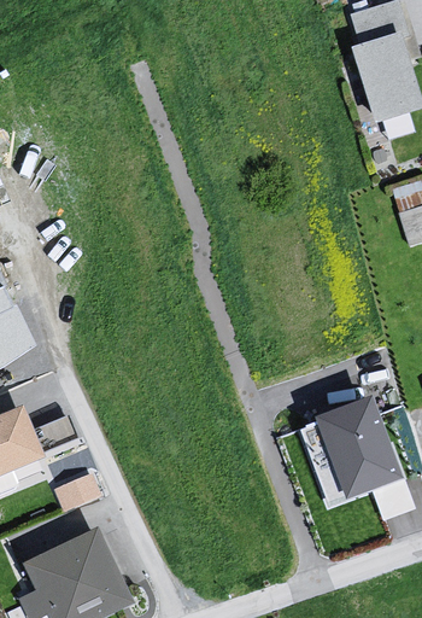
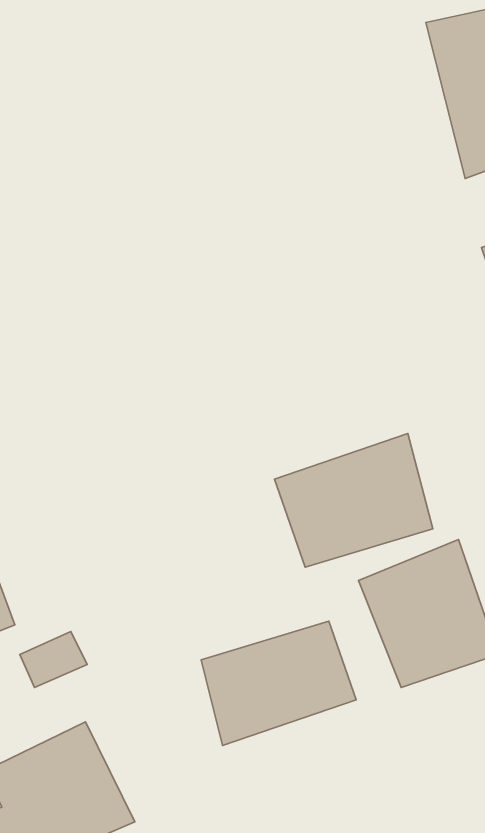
building: none -> [275,434,433,567]
building: none -> [201,621,356,745]

